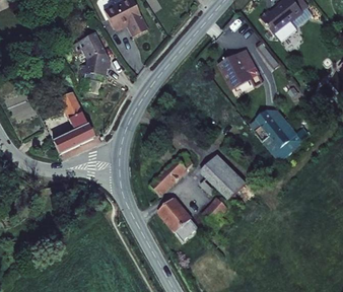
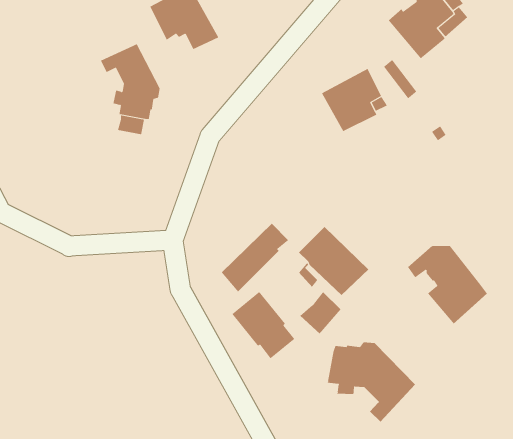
building: [52,91,94,156] -> none
building: [250,111,302,162] -> [407,246,488,324]
building: none -> [327,341,416,423]

